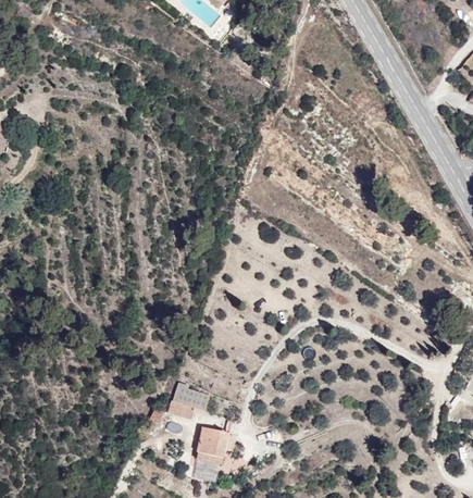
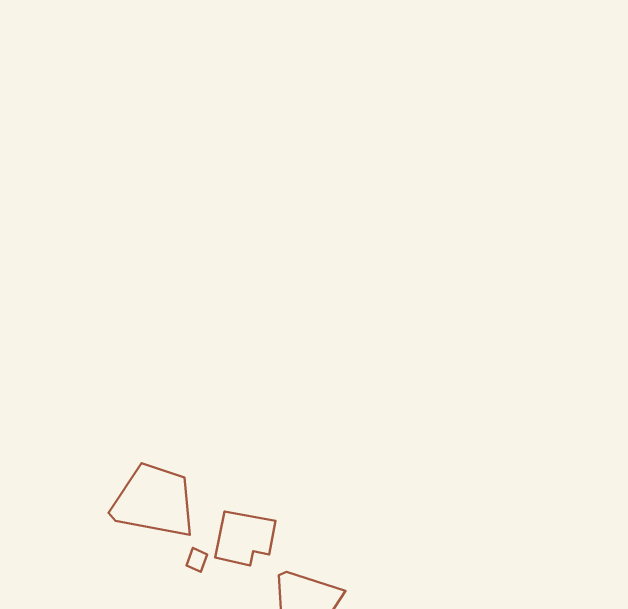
building: none -> [109,463,190,535]

